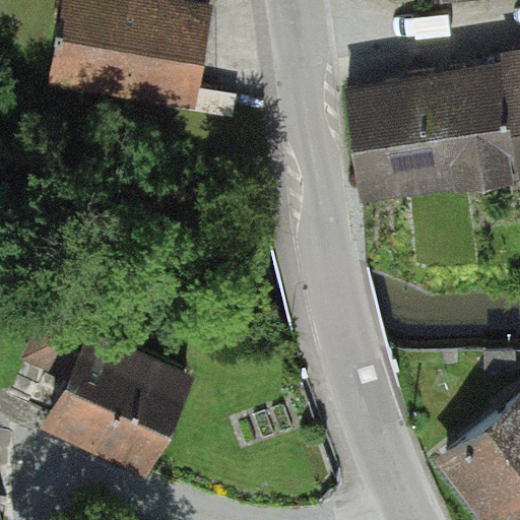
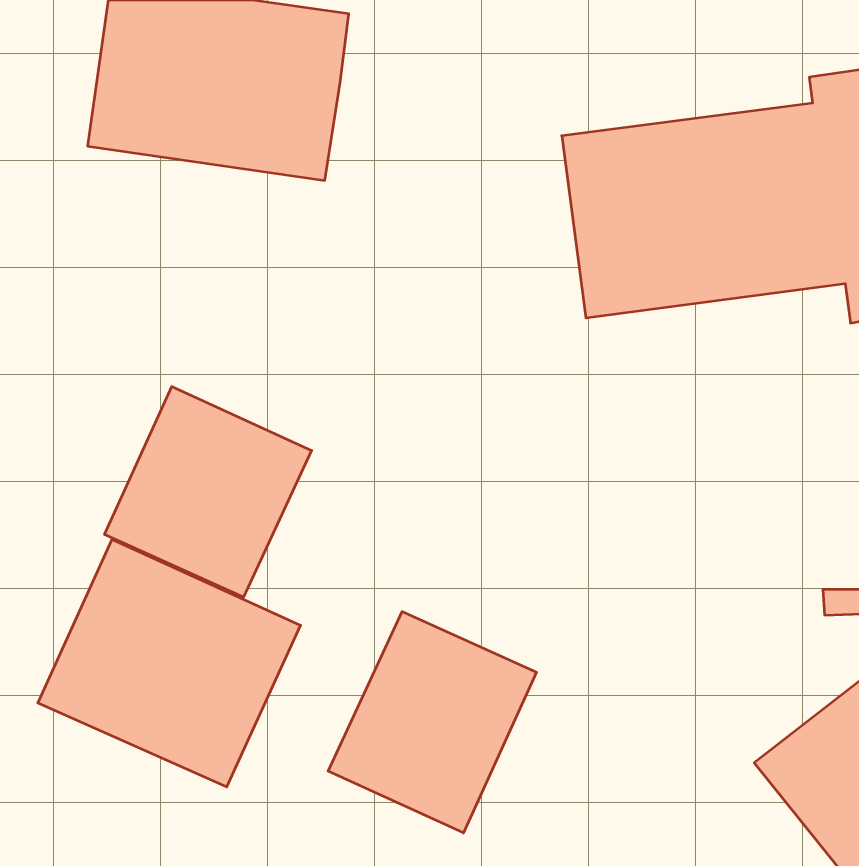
building: none -> [105,387,312,597]
building: none -> [328,612,536,833]

